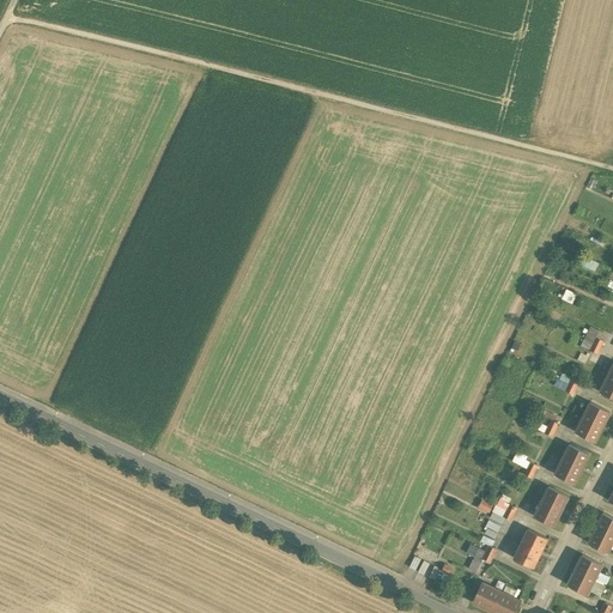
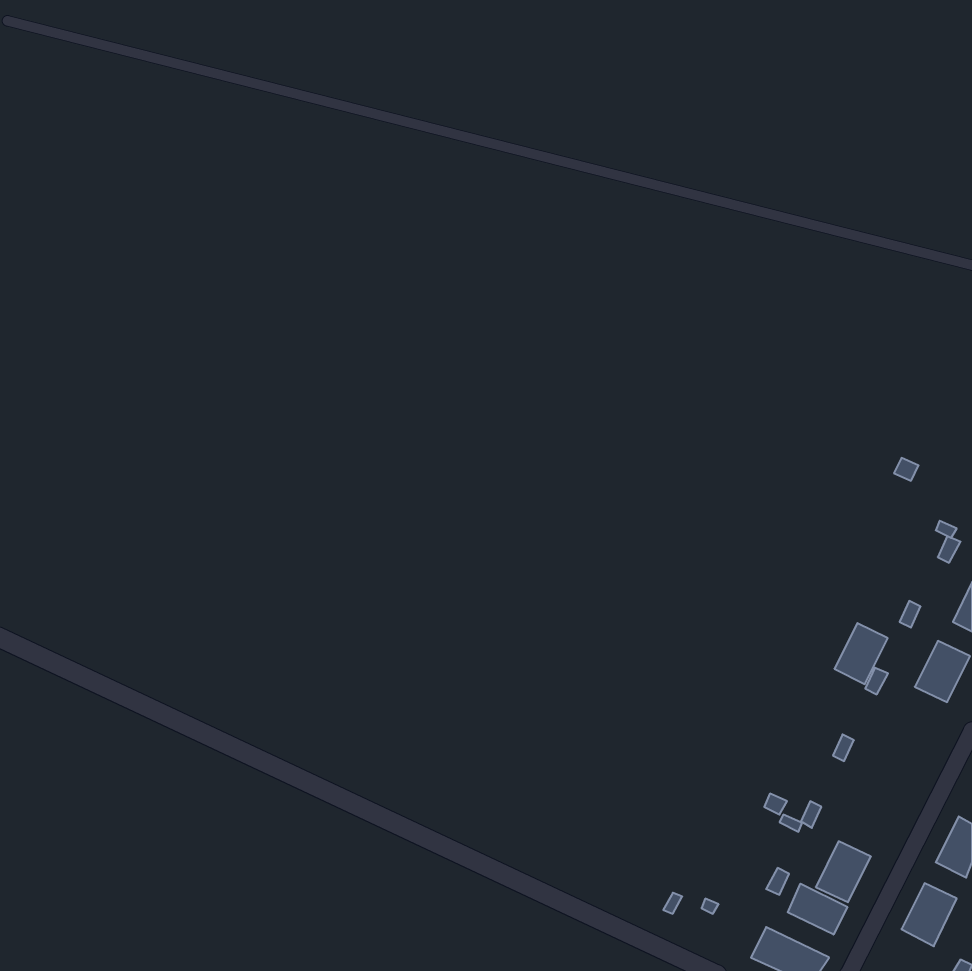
building: [554,447,588,485] -> [834,623,888,684]
building: [534,488,568,527] -> none
building: none -> [788,884,847,935]

